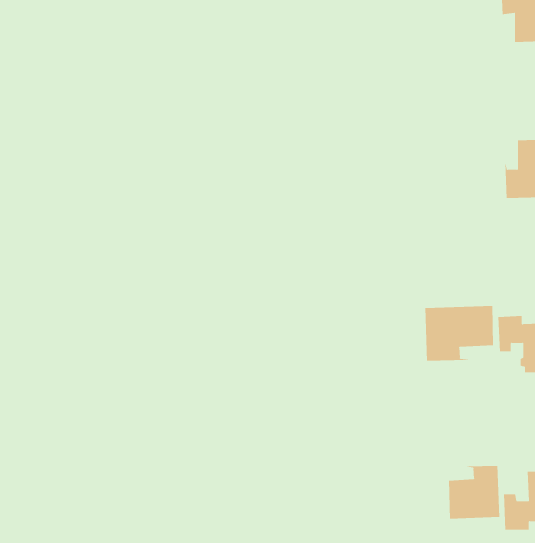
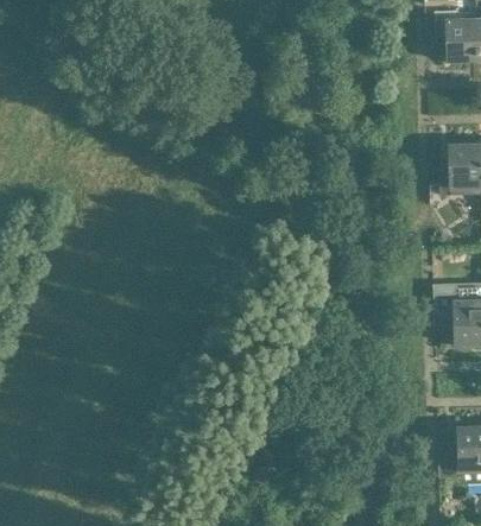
building: [425,305,494,361] -> none
building: [448,465,500,520] -> none

